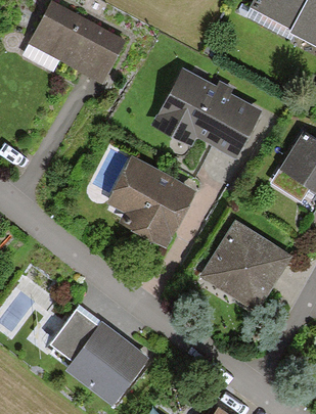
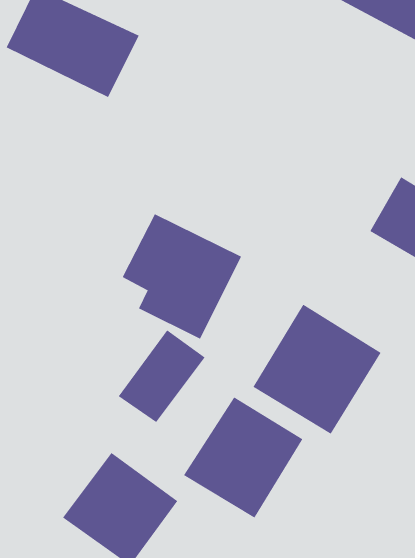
building: [153,71,257,152] -> none
building: none -> [183,397,303,518]
building: [43,305,103,369] -> [118,329,205,423]

